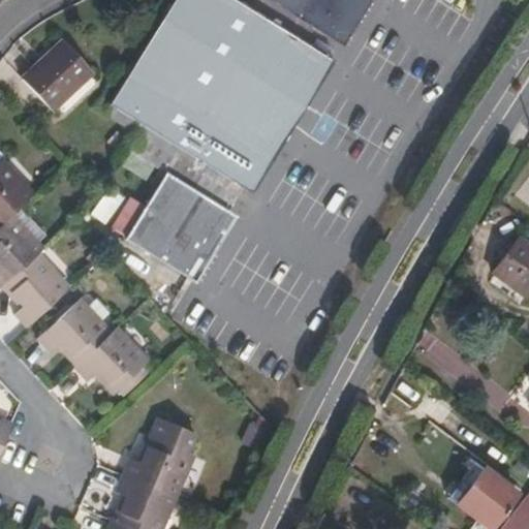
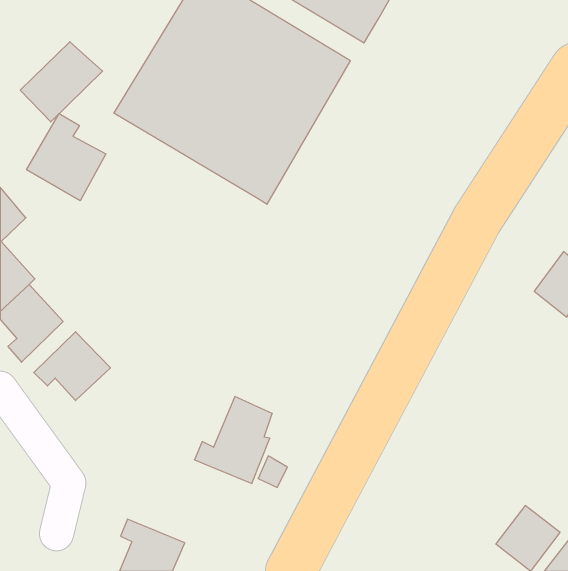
building: none -> [27,114,106,201]
building: [120,168,237,279] -> none
building: [75,331,146,393] -> none
building: [124,417,195,497] -> [194,396,272,483]

